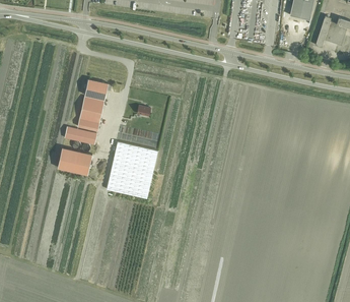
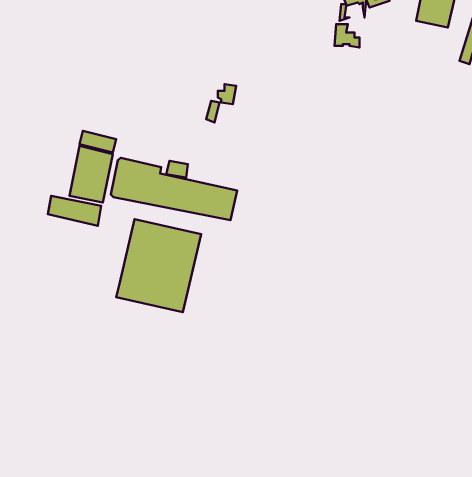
building: none -> [111,158,237,220]
building: [57,148,92,175] -> none

